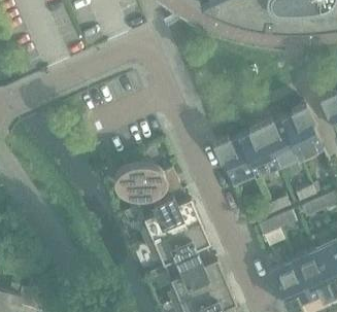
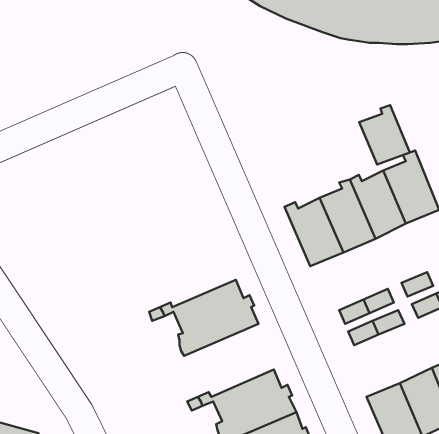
building: none -> [359,105,410,165]
building: [113,164,181,211] -> none
building: [146,222,207,272] -> none

